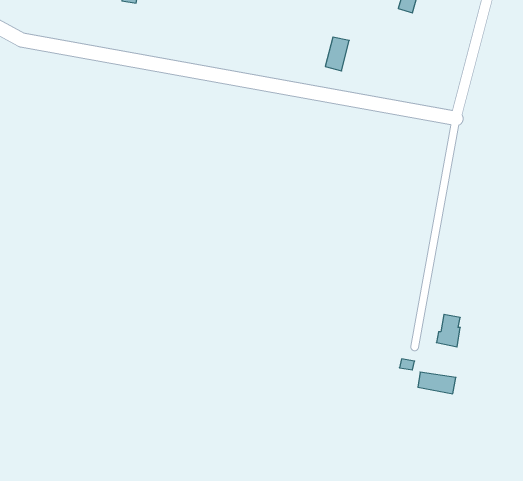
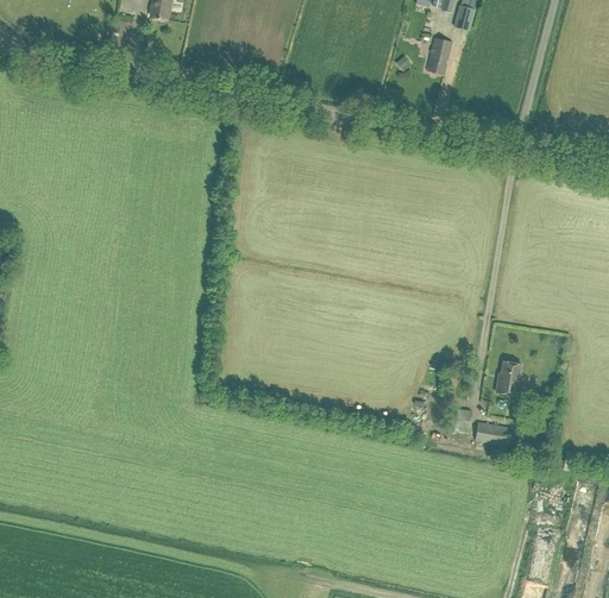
building: [325,37,349,71] -> [426,37,452,74]

